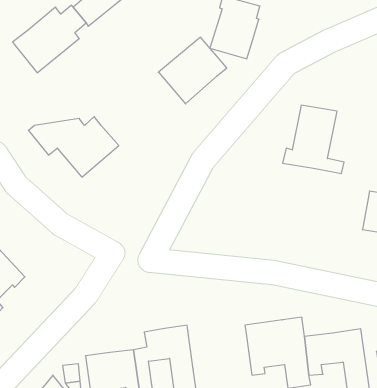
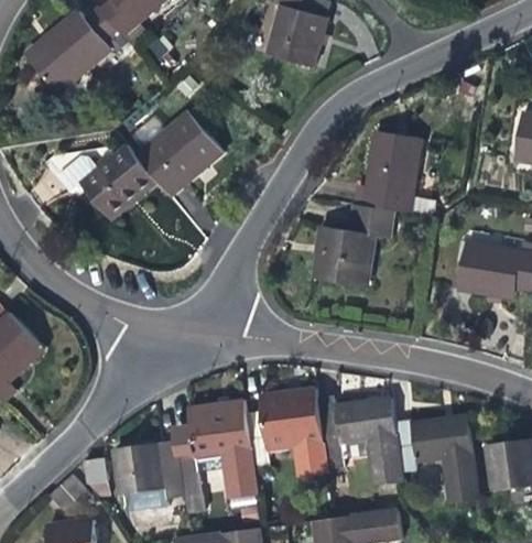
building: [158,37,227,104] -> [133,115,219,198]
building: none -> [322,206,400,285]
building: none -> [242,389,323,478]

